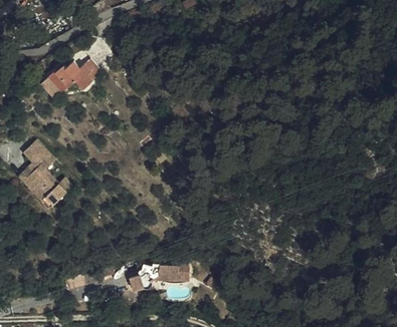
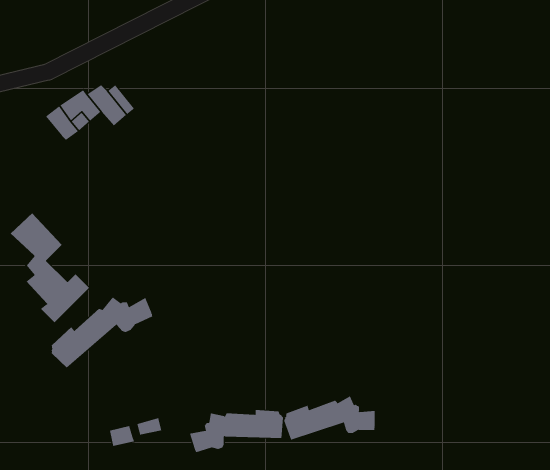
building: none -> [50,296,153,369]
building: none -> [284,395,375,441]

